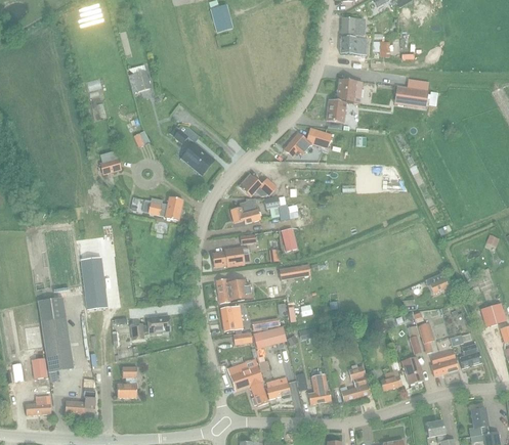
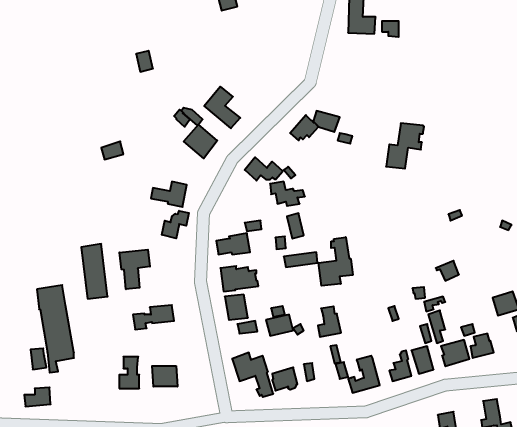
building: [325,78,362,122] -> [386,123,424,169]
building: [393,86,427,107] -> none
building: none -> [204,87,240,128]
building: [231,198,260,223] -> none
building: none -> [162,211,189,238]
building: none -> [318,237,353,286]
building: none -> [119,250,150,289]
building: [308,374,331,404] -> [318,306,341,337]
building: none -> [152,366,177,387]
building: [66,386,96,415] -> none

